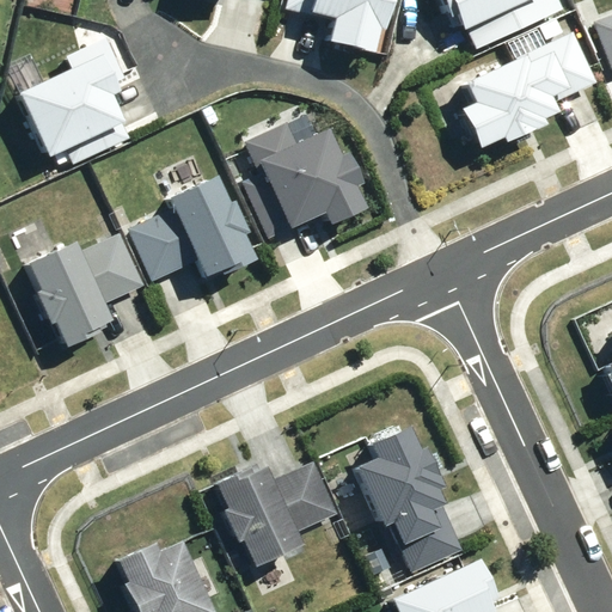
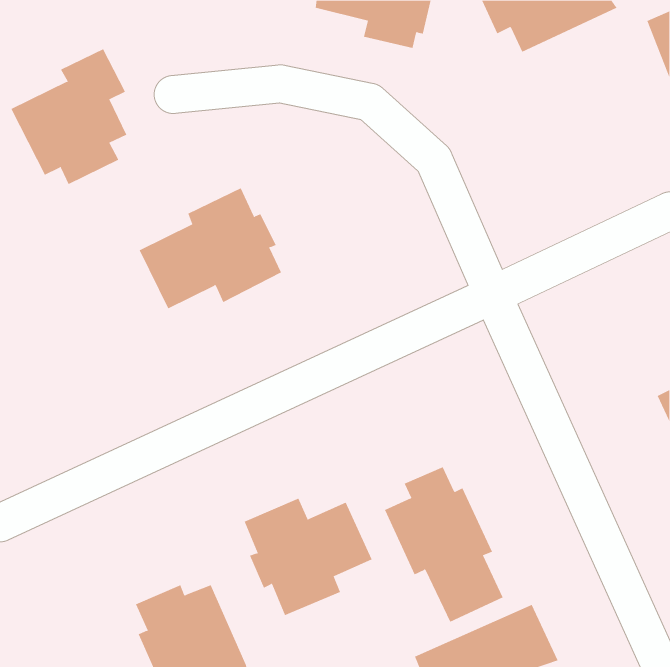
building: [455,31,595,149] -> none
building: [241,118,379,246] -> none
building: [23,233,148,347] -> none

